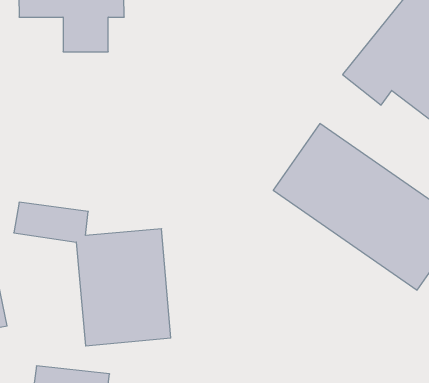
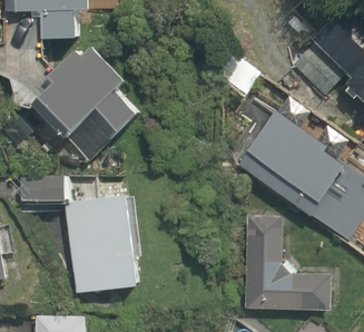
building: none -> [48,52,164,146]
building: none -> [237,215,340,311]

